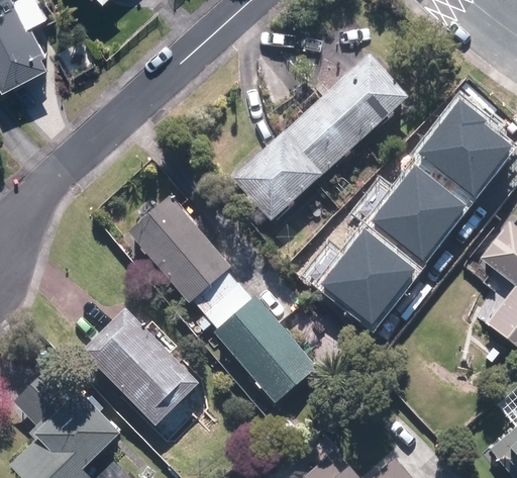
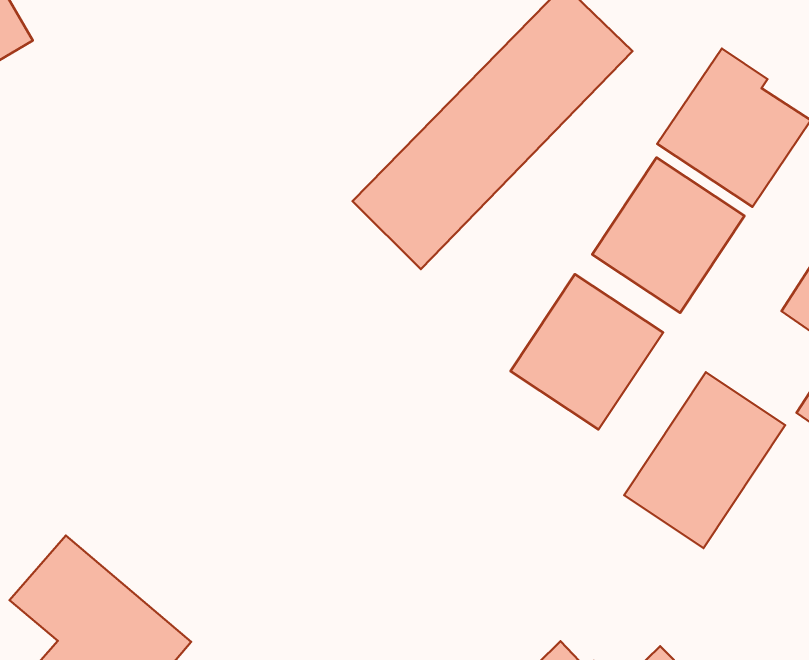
building: [128,205,315,405] -> none
building: none -> [624,372,785,548]
building: [88,304,207,424] -> none

